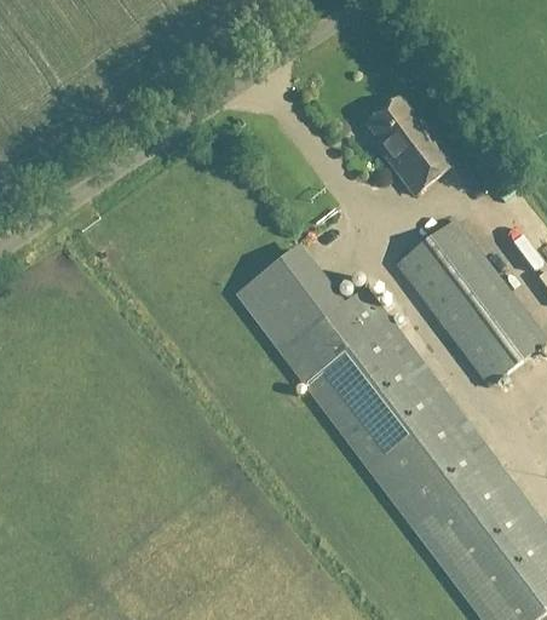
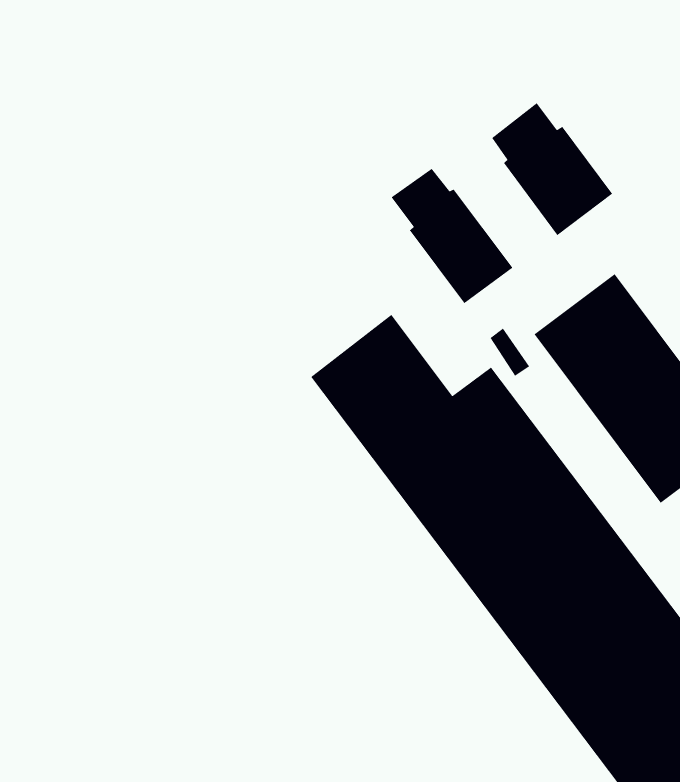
building: none -> [391,168,513,304]

